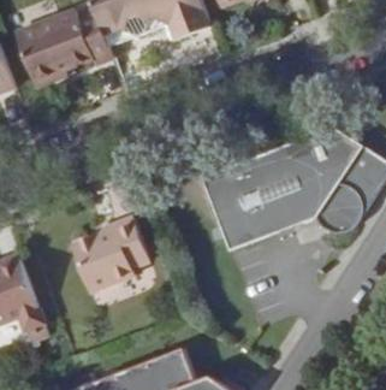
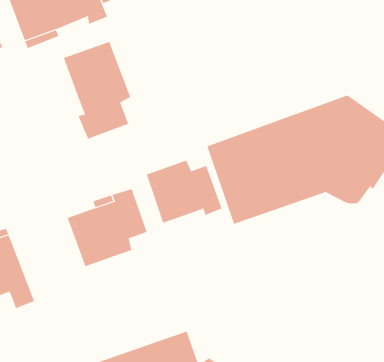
building: none -> [63,41,131,140]
building: none -> [146,160,222,223]

